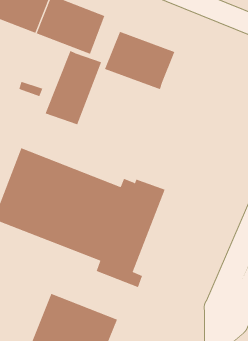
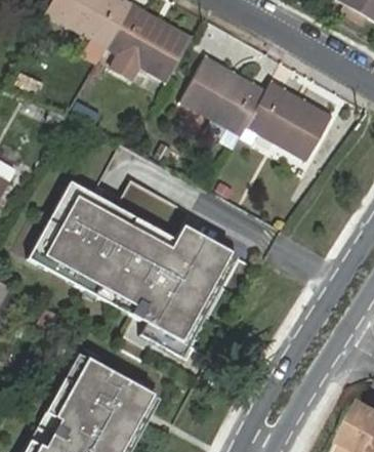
building: none -> [247,85,331,162]
building: [45,50,102,125] -> none

